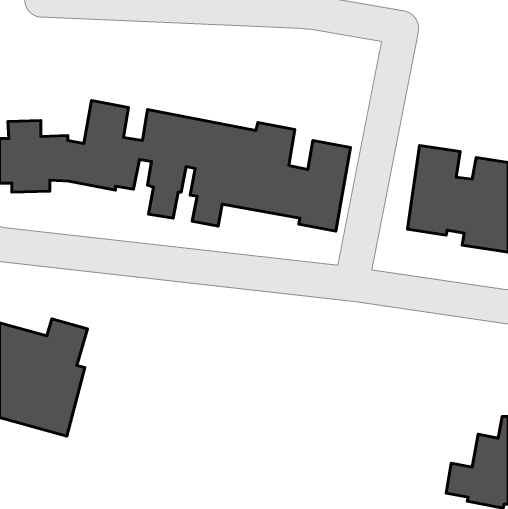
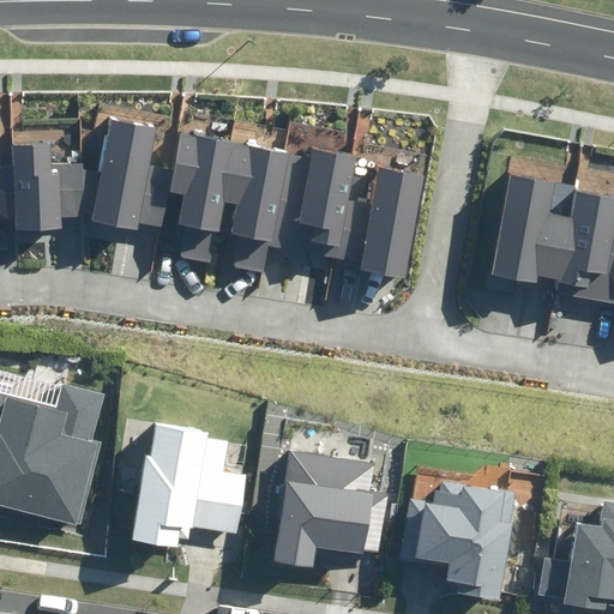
building: none -> [131,425,247,546]
building: none -> [271,451,387,566]
building: none -> [398,481,517,601]

